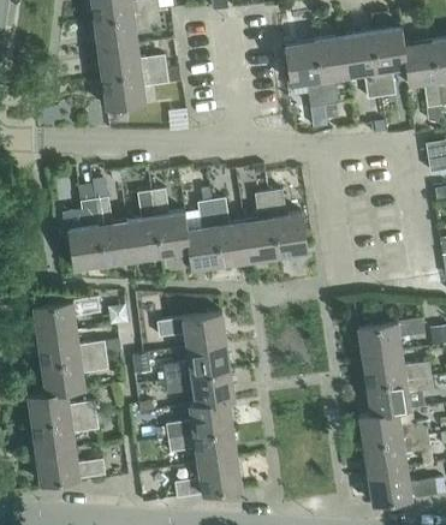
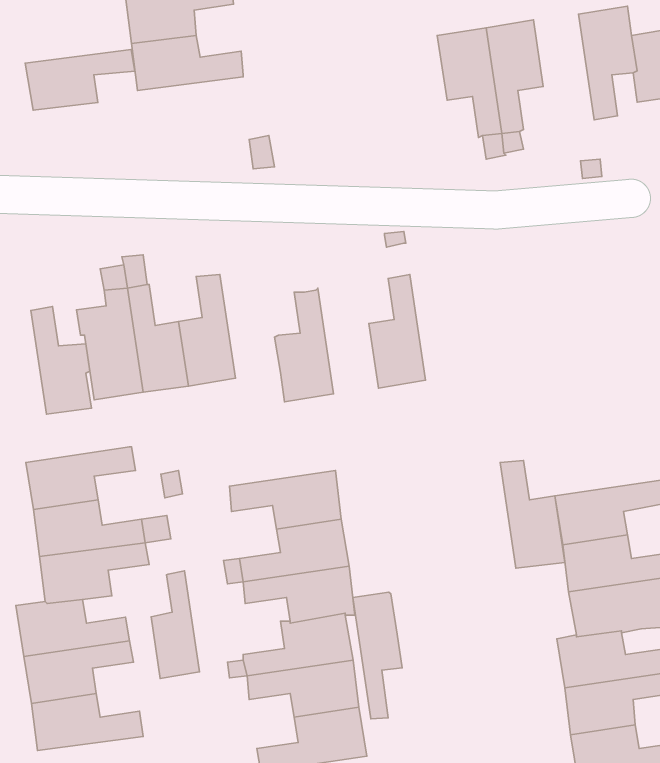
building: [344,32,381,99] -> none
building: [101,71,168,108] -> [25,50,135,110]
building: [151,190,189,256] -> [31,307,92,414]
building: [268,191,308,257] -> [500,461,565,568]
building: [212,199,249,266] -> none
building: none -> [151,571,200,679]
building: none -> [353,592,402,719]

